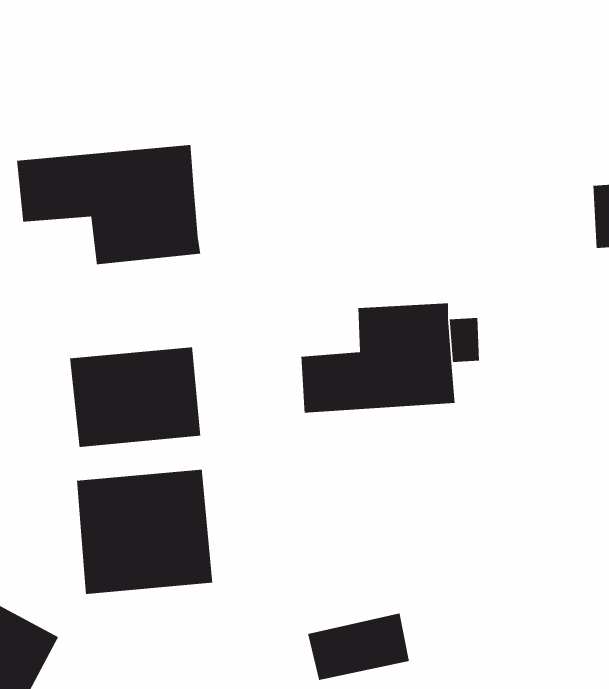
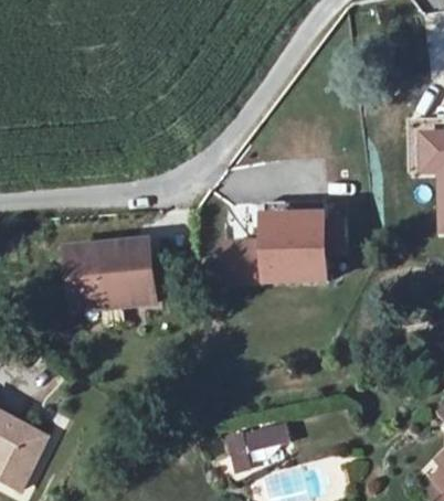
building: [16,144,201,265] -> none
building: [76,469,213,595] -> none

